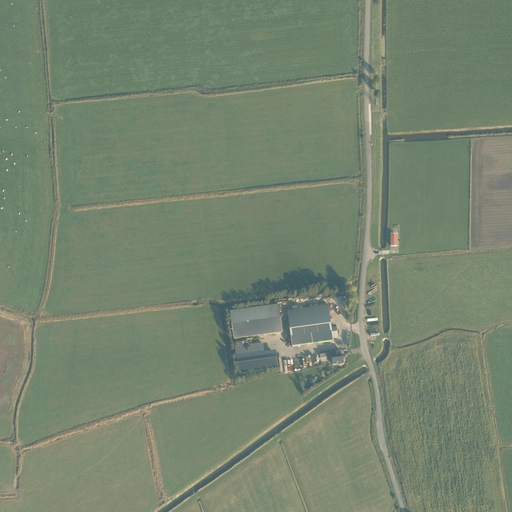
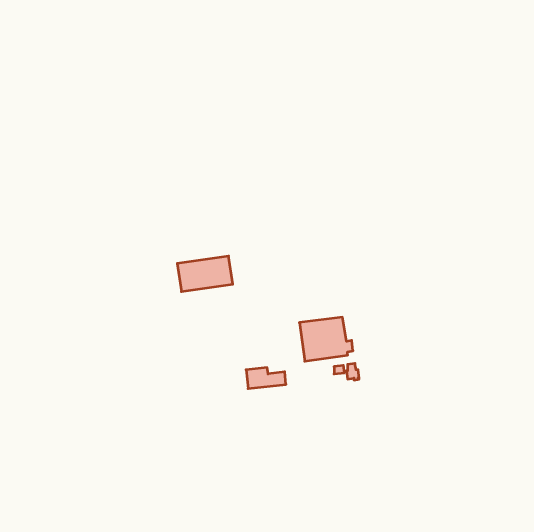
building: [229,303,282,337] -> [177,256,233,292]

